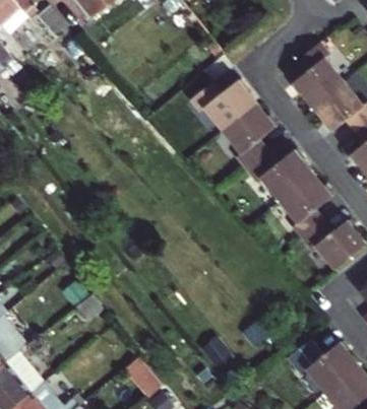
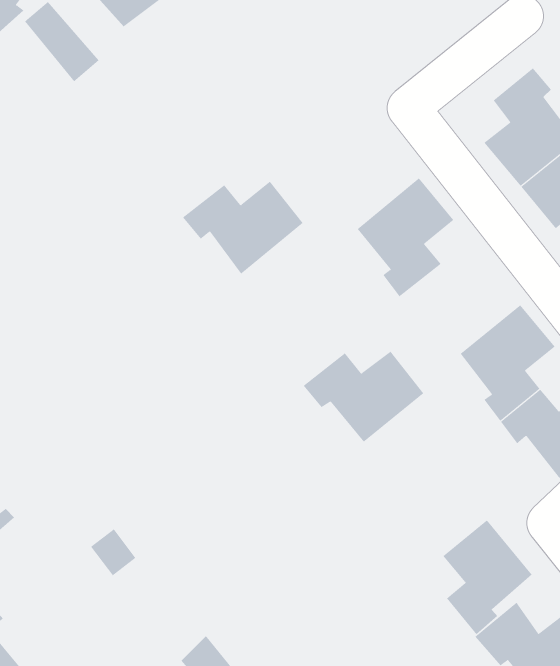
building: [189,79,256,131] -> [182,181,303,274]
building: [245,149,312,200] -> [303,351,424,443]
building: none -> [443,520,533,635]

